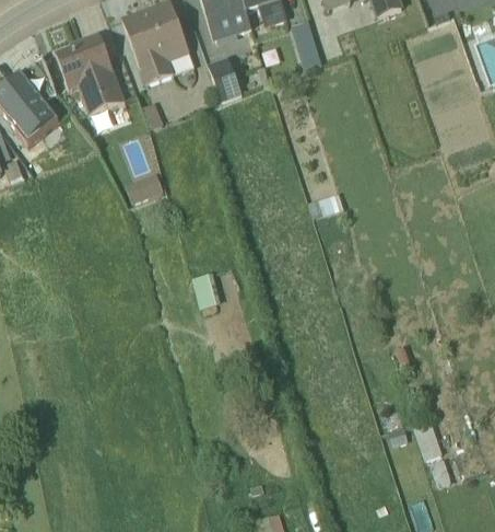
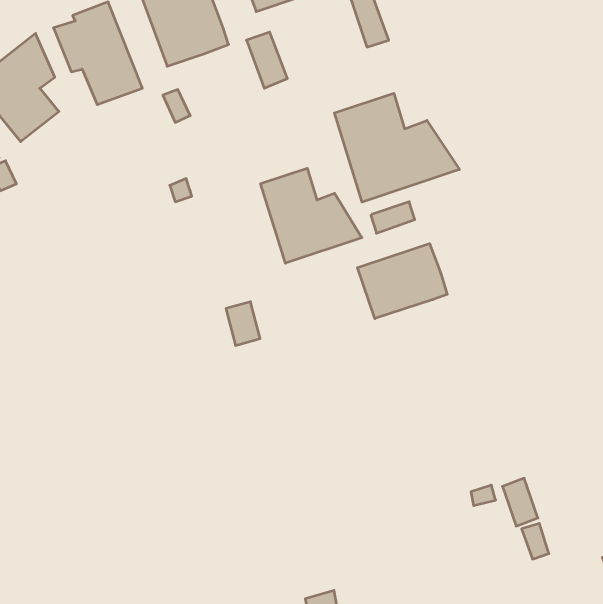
building: none -> [334,93,459,202]
building: none -> [261,168,362,263]
building: none -> [357,244,447,319]

